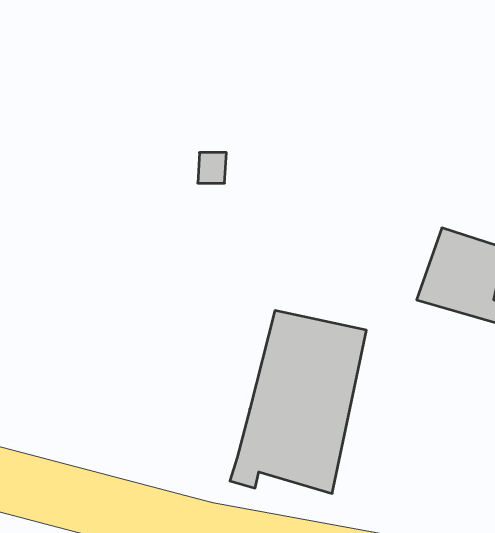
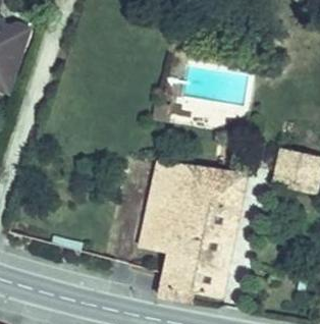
building: none -> [140,158,244,251]

